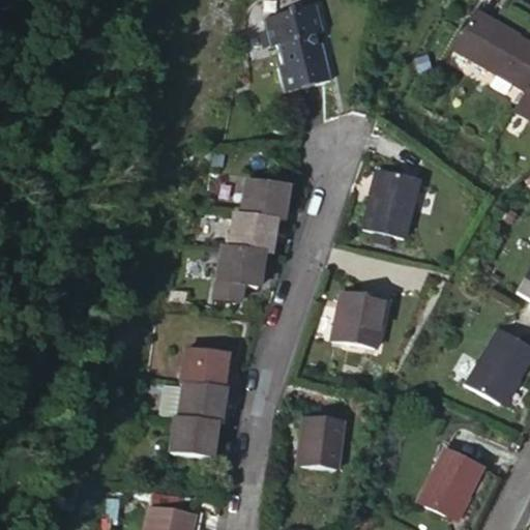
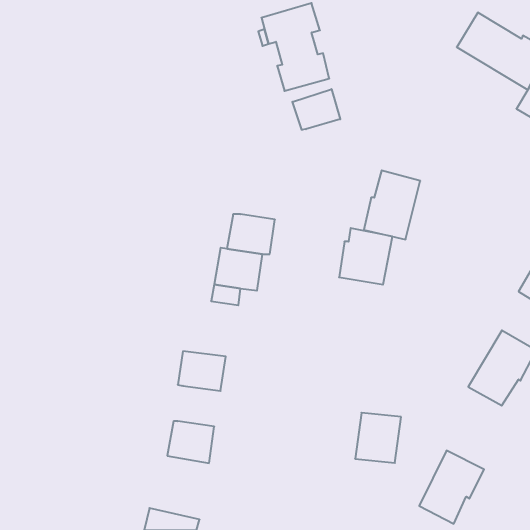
building: none -> [292,89,340,130]
building: [242,178,289,218] -> none
building: [333,291,386,347] -> [339,228,392,285]
building: [180,382,226,423] -> none
building: [298,417,344,467] -> [355,413,401,463]

